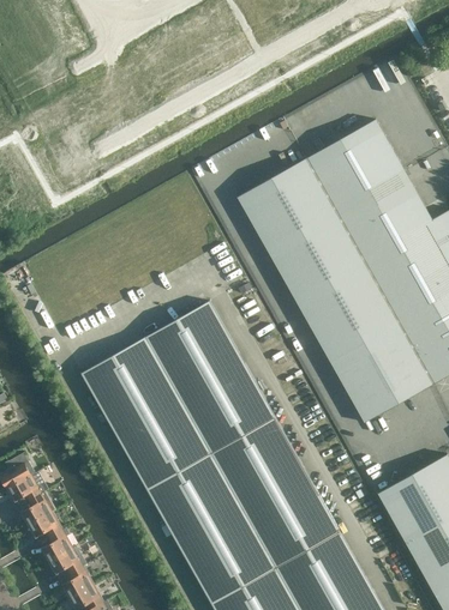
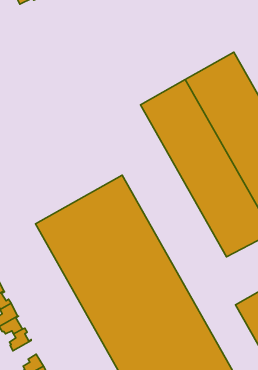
building: [47,546,85,574] -> none

